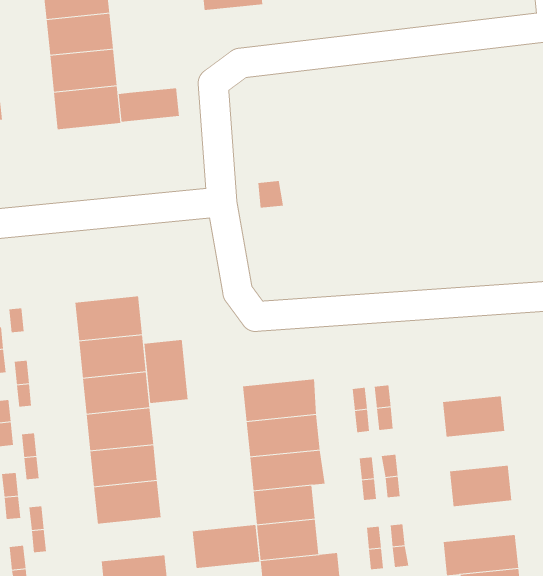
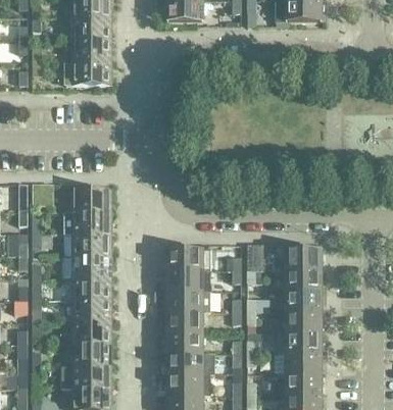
building: [118,87,179,122] -> none
building: [144,339,188,404] -> none
building: none -> [286,248,322,269]
building: none -> [286,291,322,311]
building: none -> [278,332,322,353]
building: [192,525,260,568] -> [72,321,111,344]

